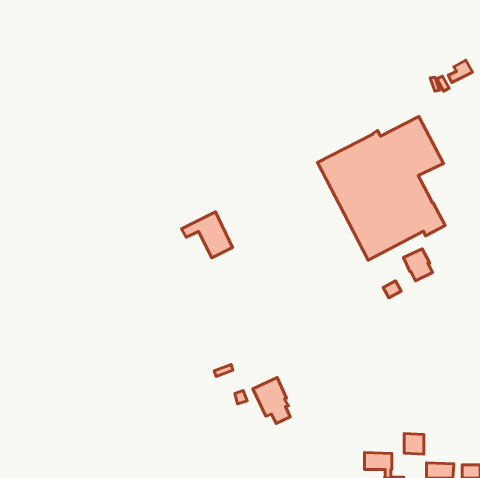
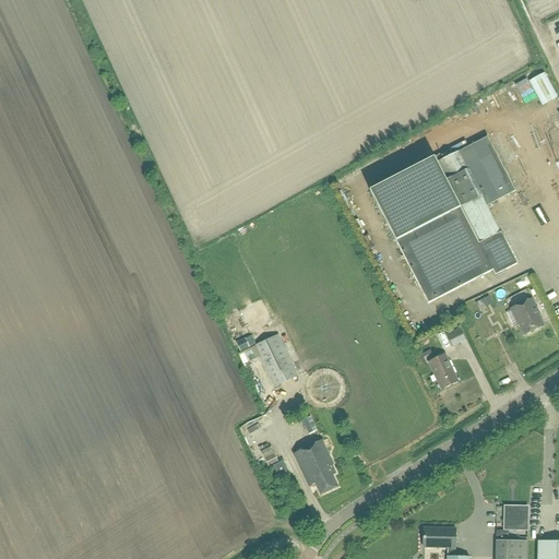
building: [182,212,232,258] -> [239,333,298,386]
building: [403,249,433,281] -> [510,297,544,334]
building: none -> [428,353,459,388]
building: [404,433,424,454] -> [504,504,527,528]

